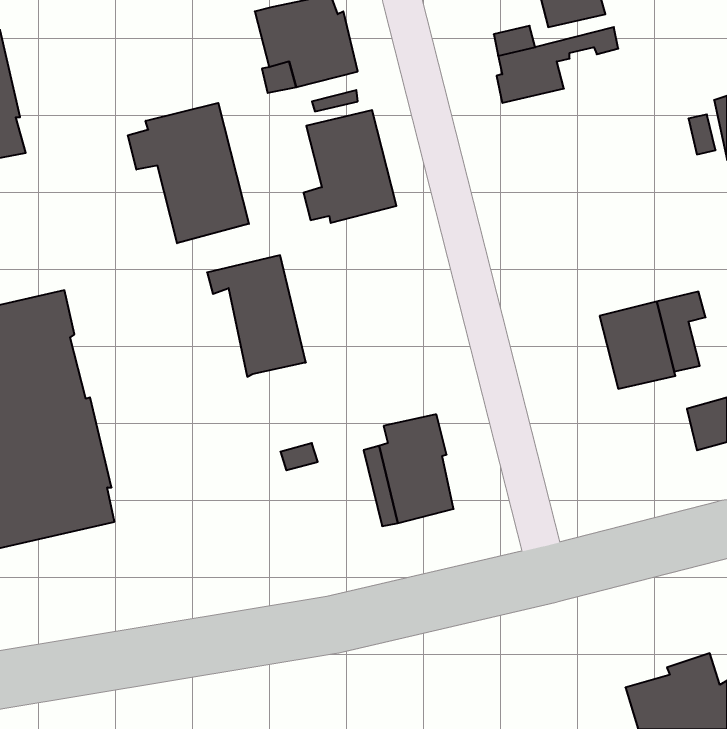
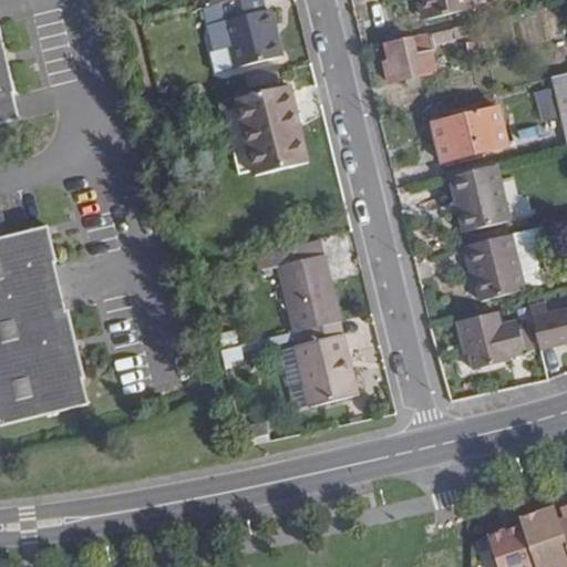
building: [128,103,249,243] -> none
building: none -> [431,107,508,161]
building: none -> [449,164,507,233]
building: [207,255,306,377] -> [261,238,338,332]
building: none -> [453,311,522,369]

